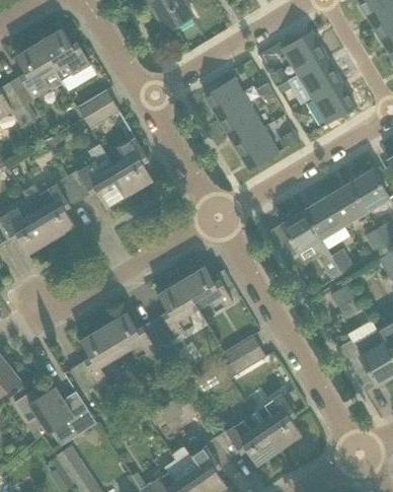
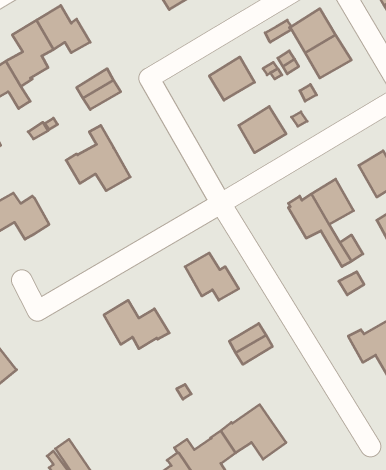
building: [311,81,356,124] -> none
building: [219,102,262,144] -> none
building: [112,138,152,194] -> none
building: [22,178,80,239] -> none
building: [326,183,366,226] -> none
building: [152,280,198,344] -> none
building: [70,327,120,393] -> none
building: [14,386,96,446] -> none
building: [253,394,301,449] -> none

